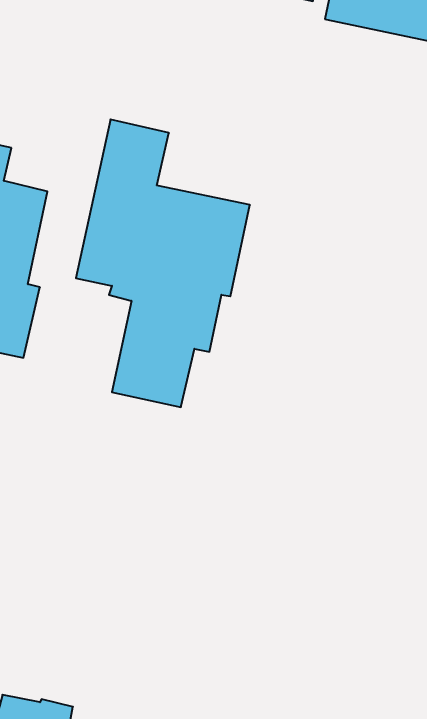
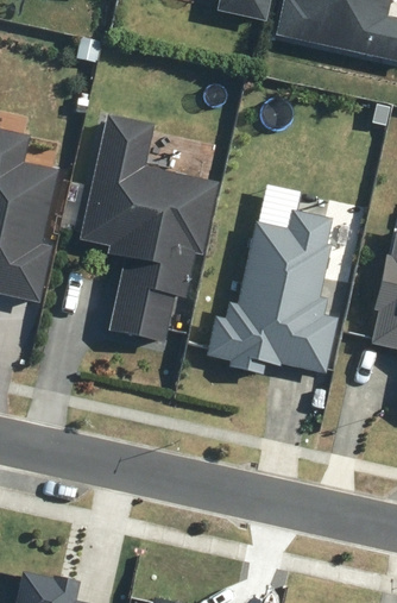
building: none -> [206,209,338,376]

